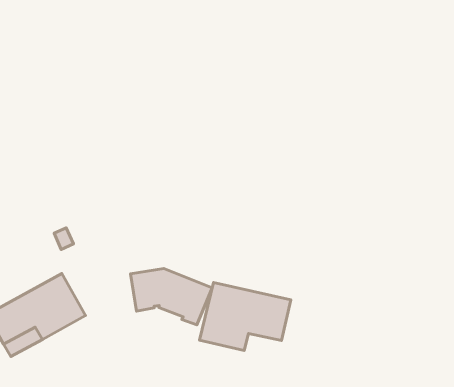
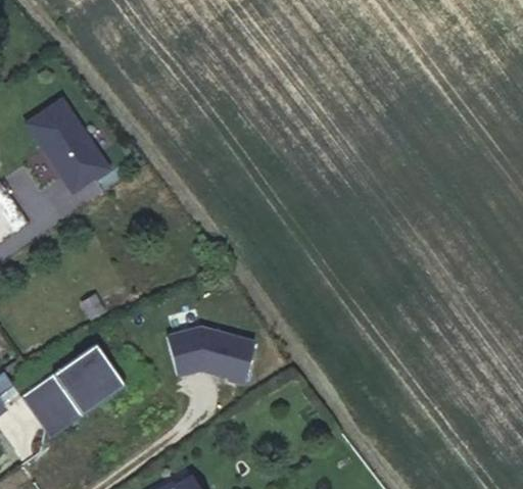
building: none -> [29,102,108,195]
building: [200,282,291,351] -> none

